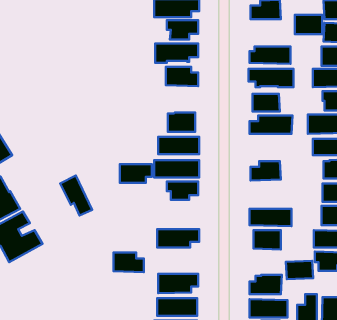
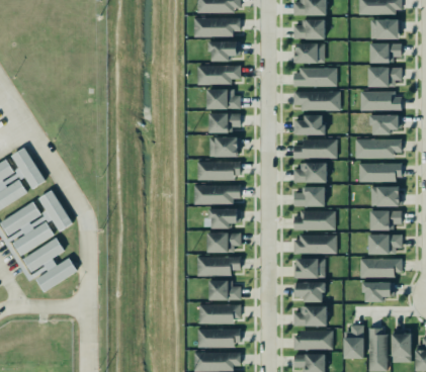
building: [295,15,322,34] -> [296,43,325,64]
building: none -> [207,112,240,132]
building: none -> [293,165,327,183]
building: [120,164,152,183] -> [207,234,241,253]
building: [60,176,92,216] -> [38,190,72,231]
building: none -> [293,210,335,229]
building: [114,253,144,272] -> [209,281,241,301]
building: [286,261,313,279] -> [296,282,325,301]

